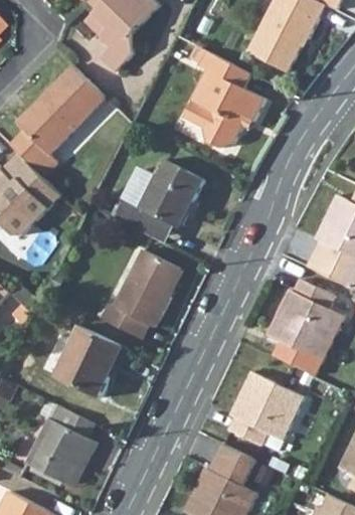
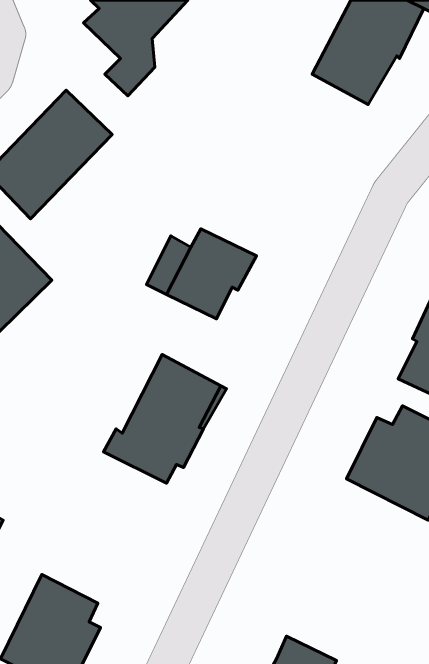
building: [185,46,269,150] -> none
building: [117,200,177,245] -> none
building: [53,326,124,395] -> none
building: [232,372,305,449] -> none

